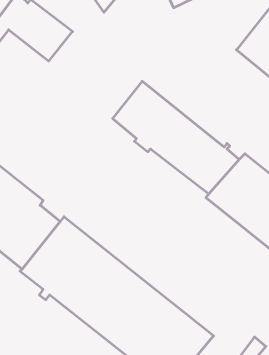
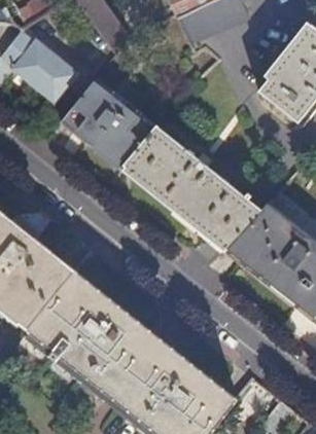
building: none -> [60,75,155,167]

